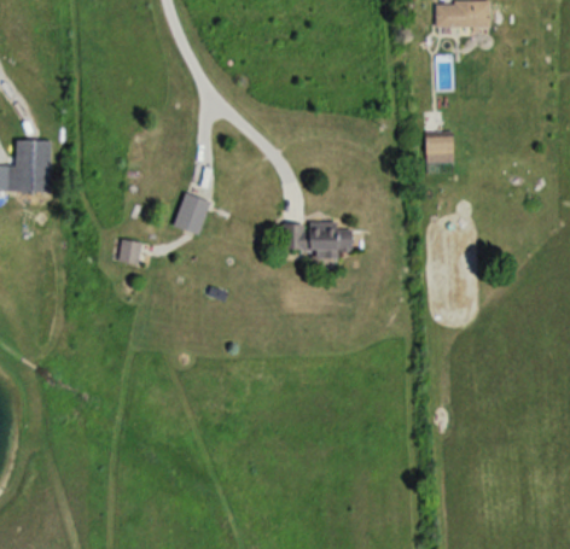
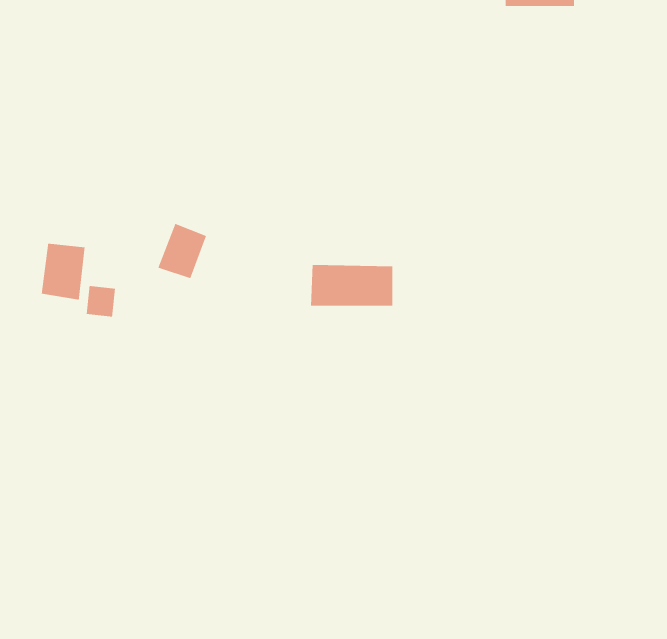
building: [425,136,455,168] -> none
building: none -> [41,243,85,301]

